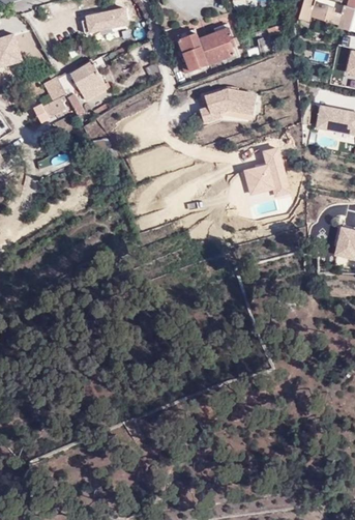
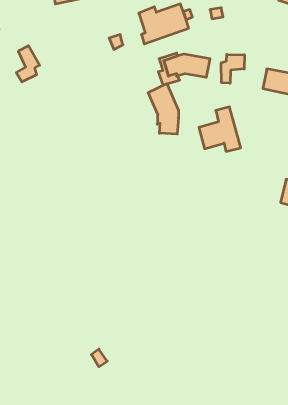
building: [54,63,103,115] -> none
building: none -> [221,54,244,83]
building: none -> [148,84,179,134]

